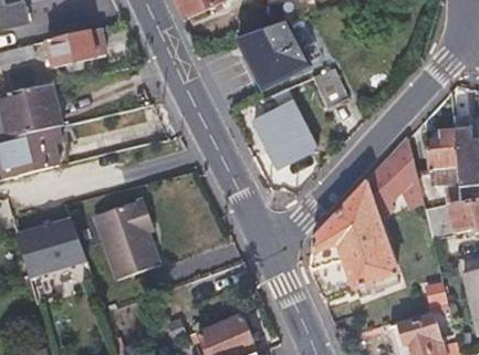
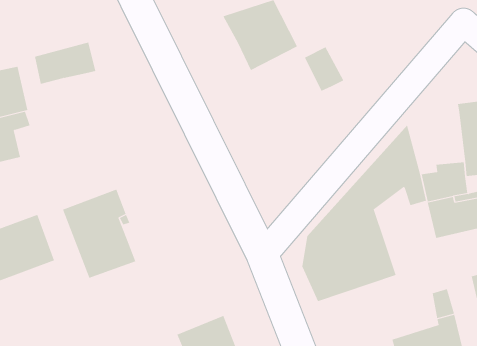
building: [49,27,105,65] -> [34,42,96,85]
building: [247,86,314,165] -> none
building: [425,124,458,171] -> none

